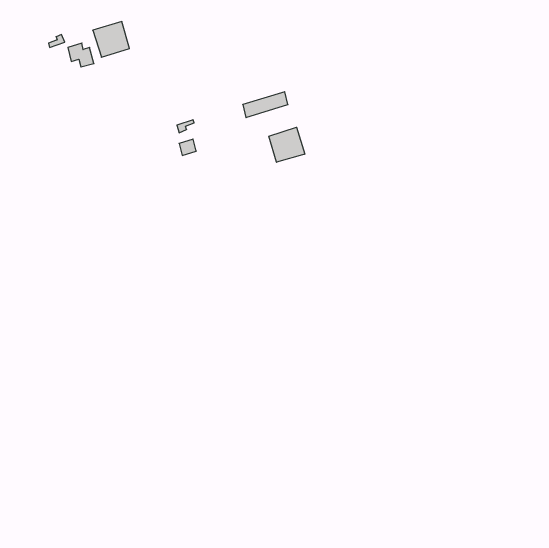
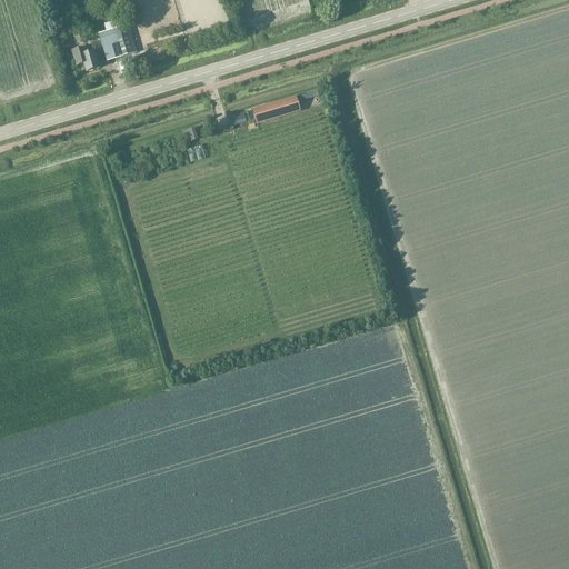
building: [269,127,305,162] -> none

